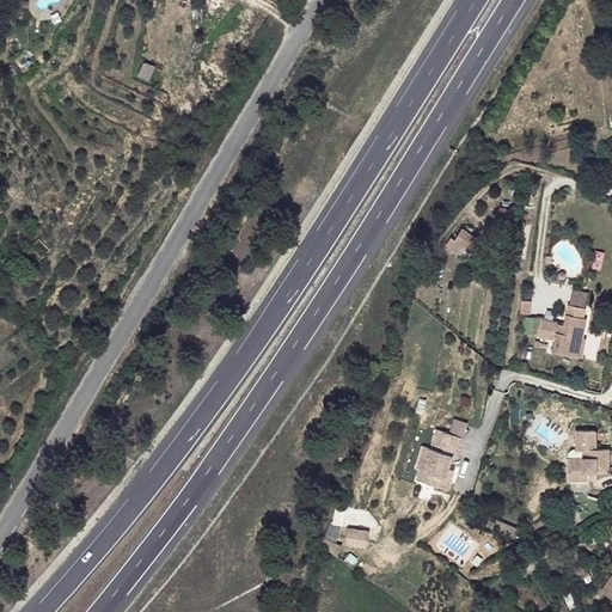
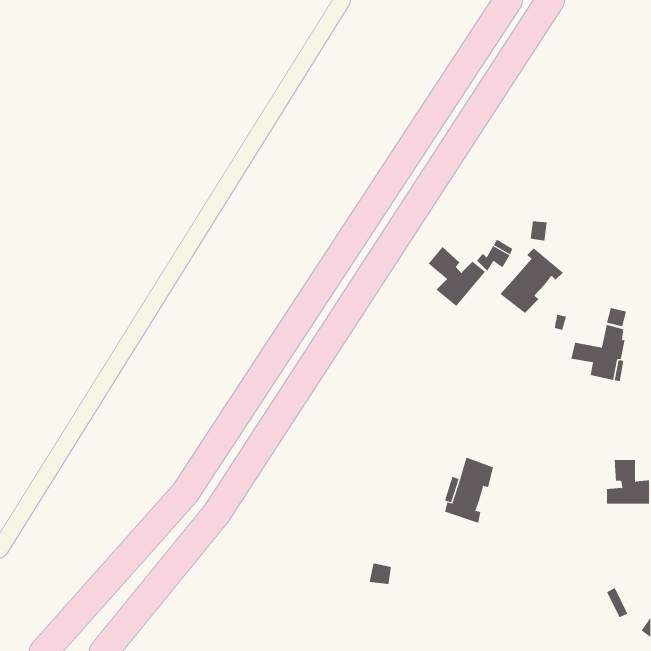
building: none -> [428,246,486,307]
building: none -> [500,247,564,314]

